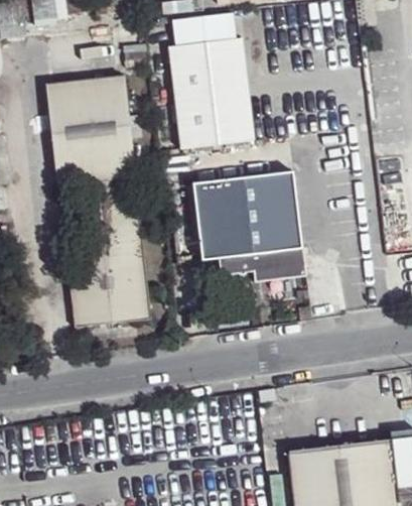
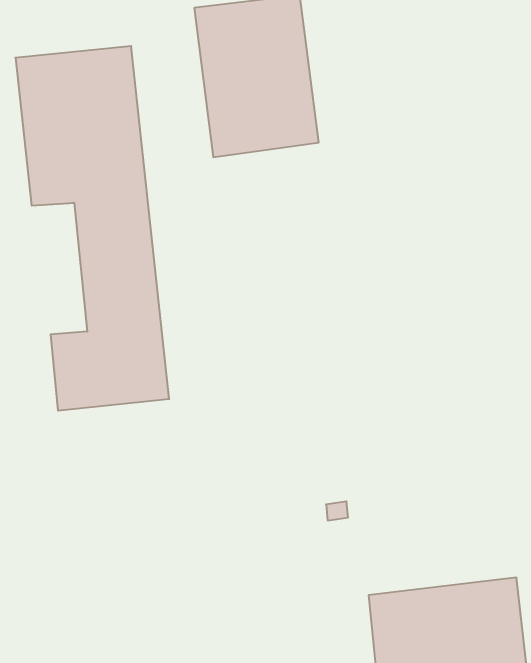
building: [191,169,306,296] -> none

